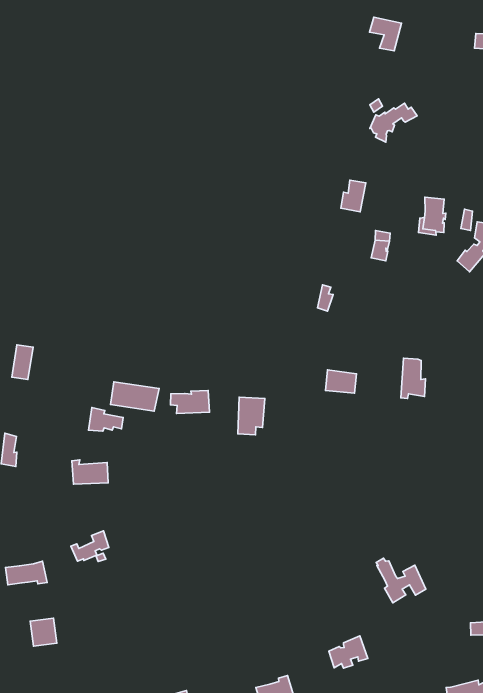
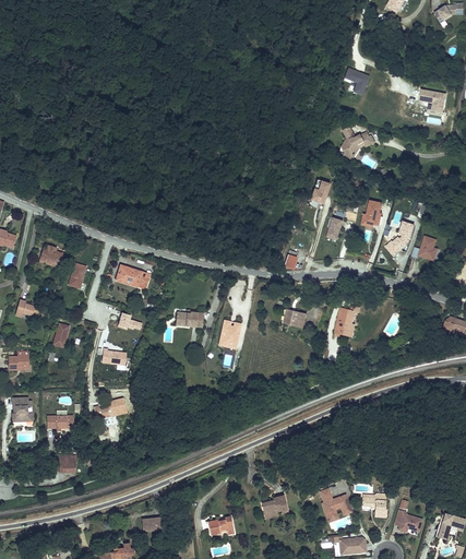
building: [111,382,159,411] -> [116,265,151,289]
building: [376,558,426,603] -> [320,487,351,519]

